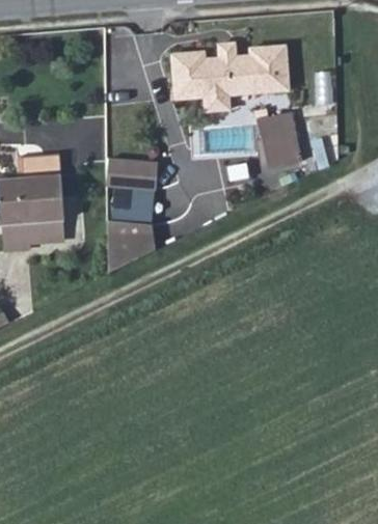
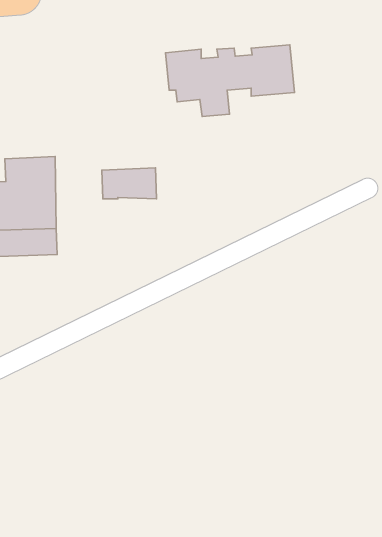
building: [252,113,296,168] -> none
building: [111,186,160,271] -> none

